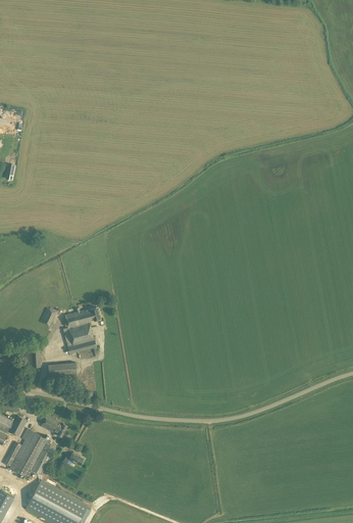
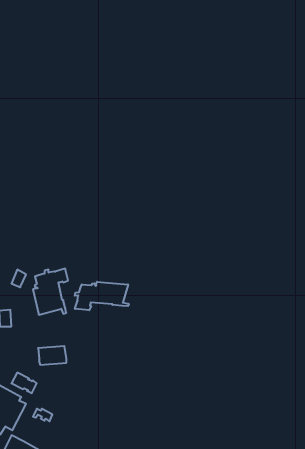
building: none -> [75,282,129,310]
building: [48,361,78,380] -> [38,346,66,365]

